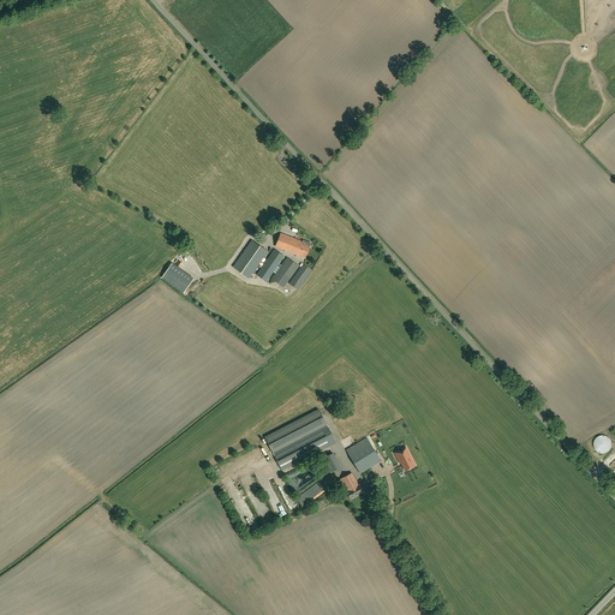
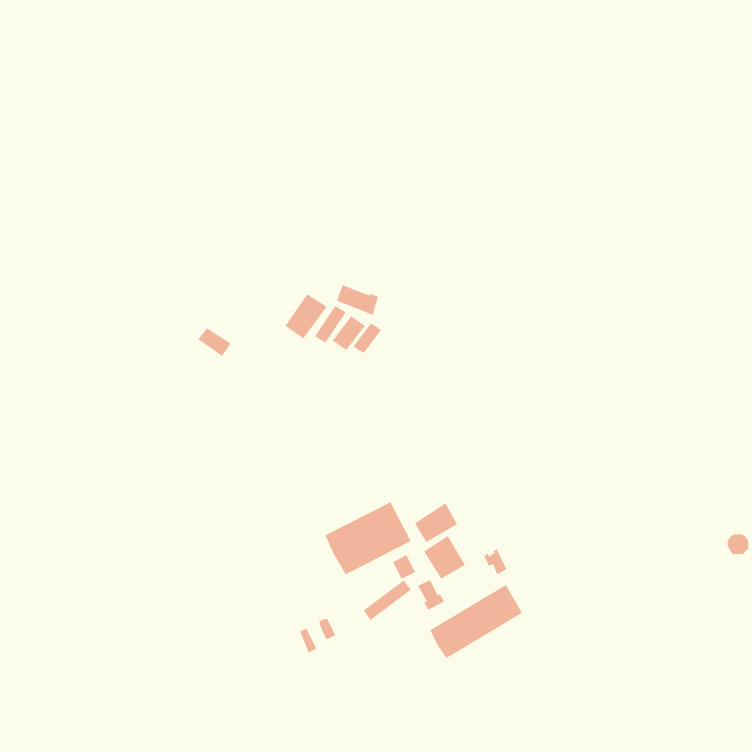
building: none -> [414,503,458,543]
building: none -> [429,584,523,659]

